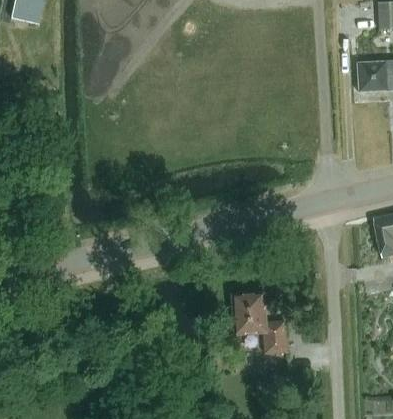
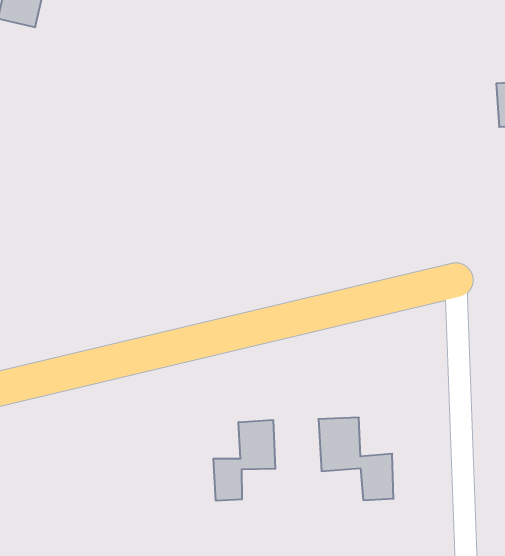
building: none -> [213,420,275,501]

